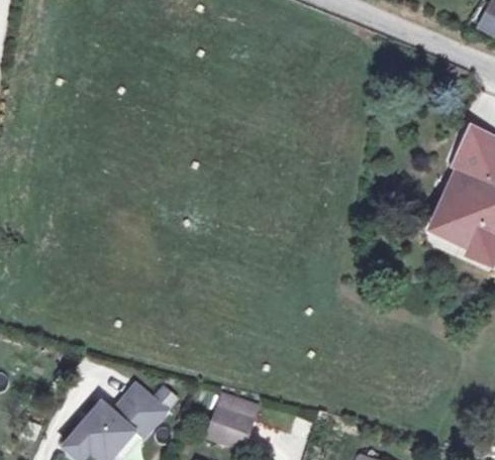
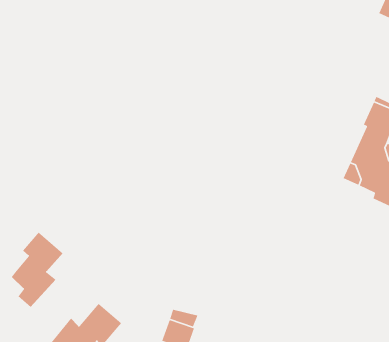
building: none -> [11,232,63,308]

